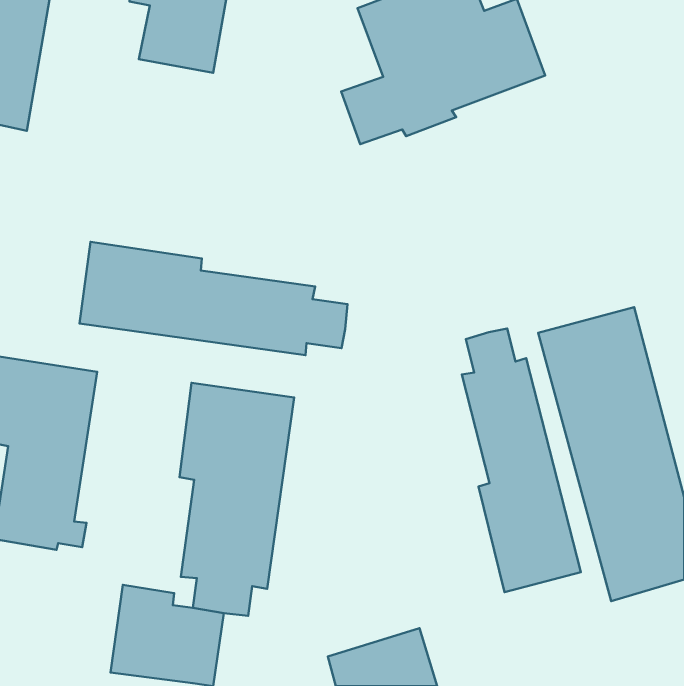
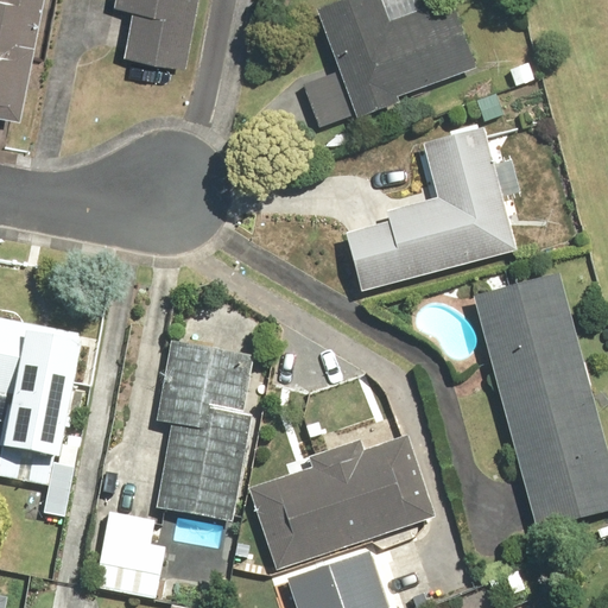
building: none -> [334,135,507,302]
building: [80,242,347,355] -> none
building: [462,328,581,592] -> none
building: none -> [248,435,436,569]

